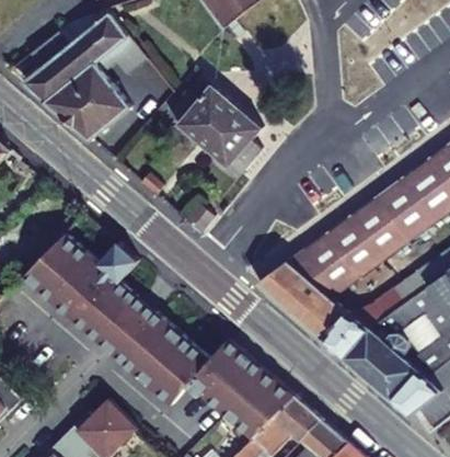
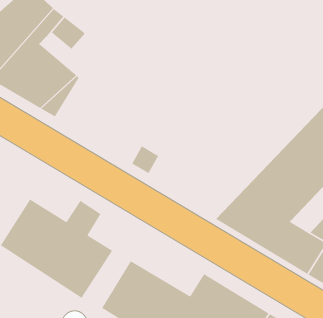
building: [168,76,263,178] -> none
building: [101,301,159,359] -> none

